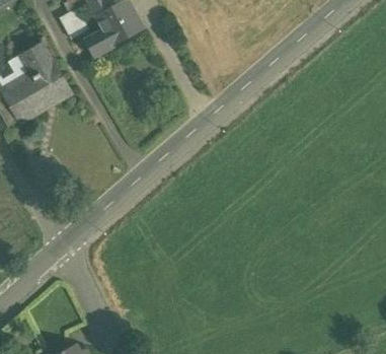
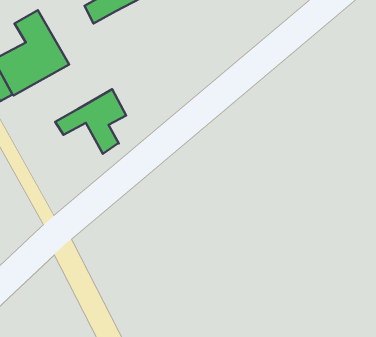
building: none -> [55,89,126,154]

